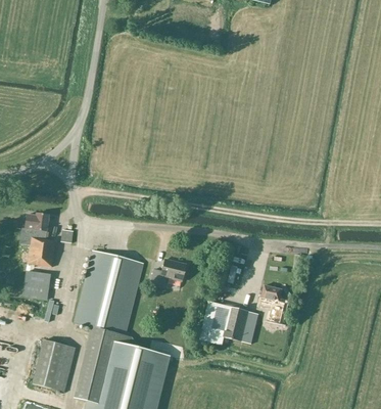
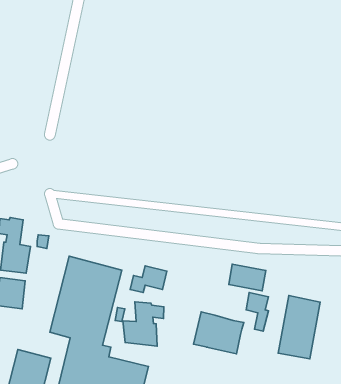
building: none -> [229,264,266,291]
building: none -> [278,295,320,359]
building: none -> [123,302,164,346]

